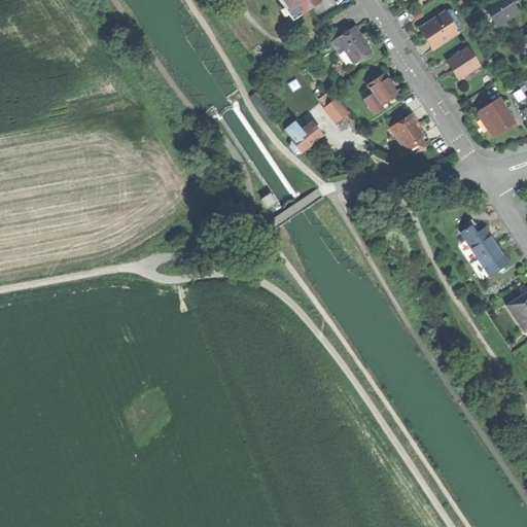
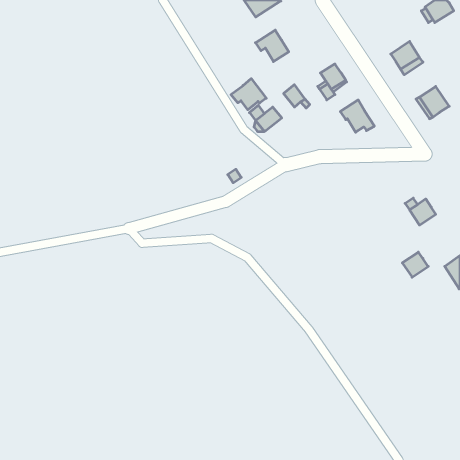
building: [420,5,464,48] -> none
building: [332,28,371,64] -> [255,30,289,62]
building: none -> [231,79,266,110]
building: [480,245,510,274] -> [402,252,428,277]

